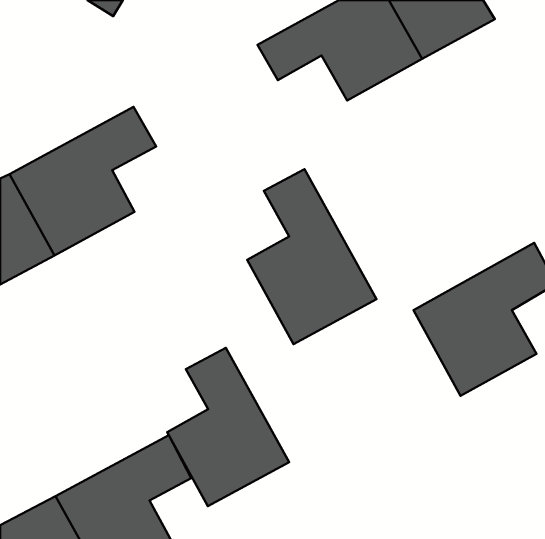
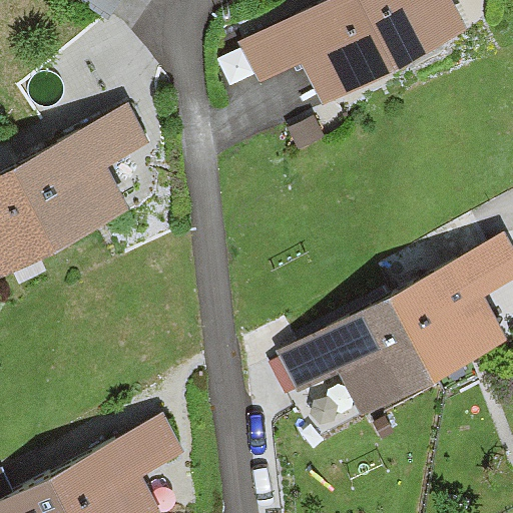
building: [247,169,377,344] -> none
building: none -> [280,298,433,416]
building: [167,348,289,506] -> none

